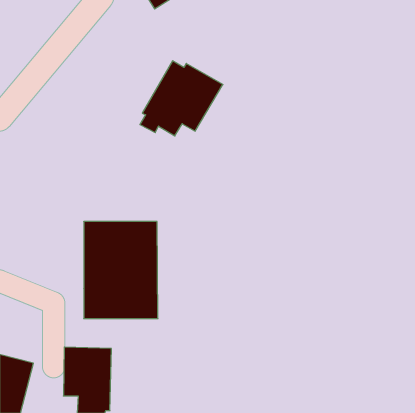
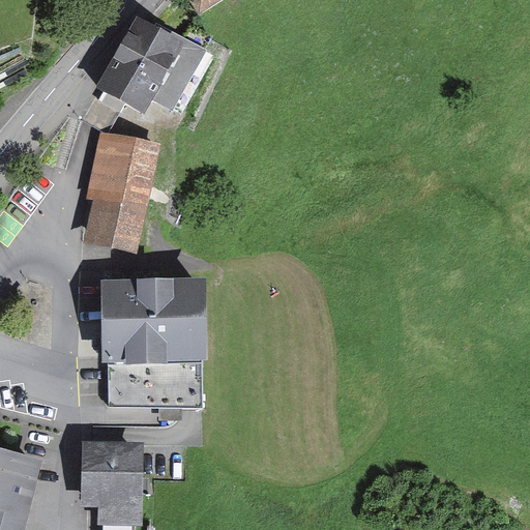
building: [140,61,223,136] -> [98,18,204,113]
building: none -> [84,130,157,251]

